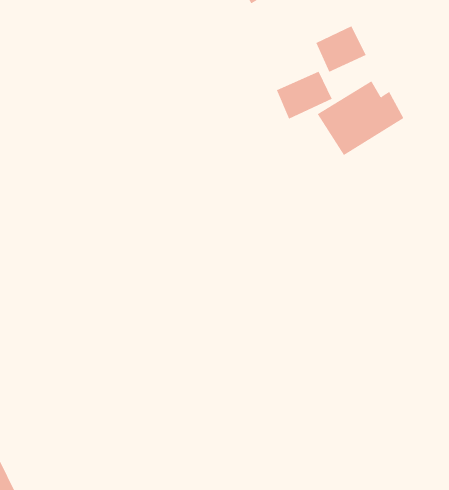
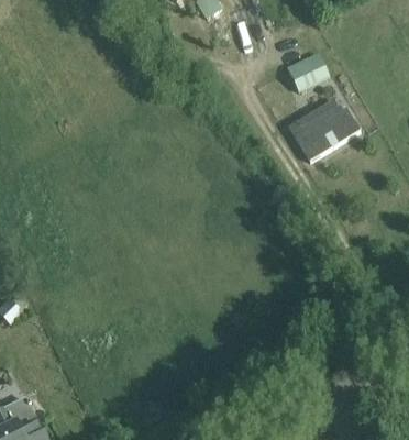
building: [276,71,332,120] -> none

